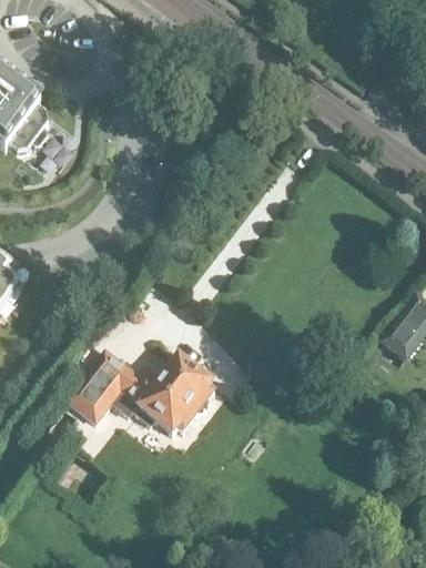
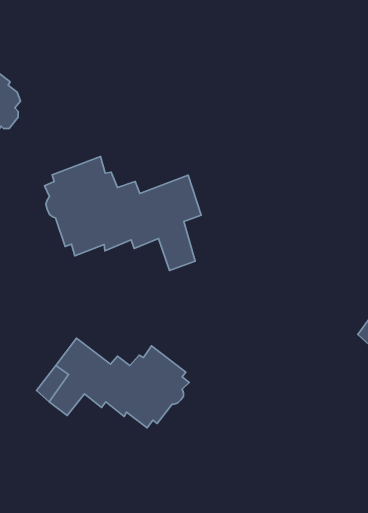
building: none -> [44,156,201,271]

